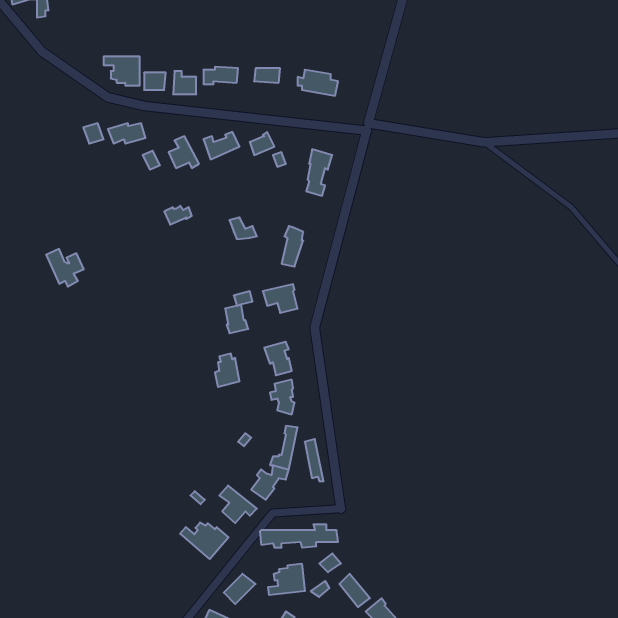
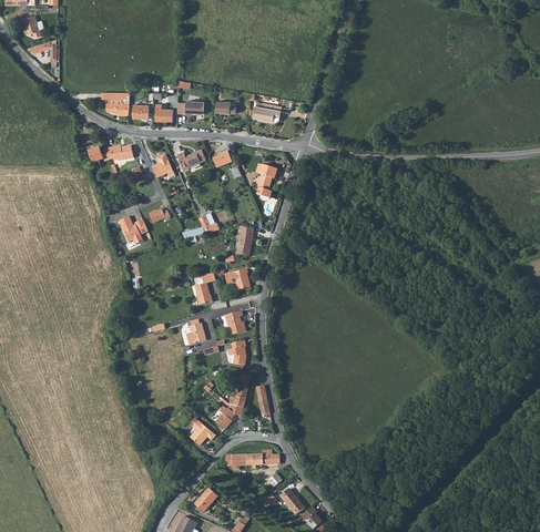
building: [46,249,84,287] -> [118,214,146,243]
building: [180,522,229,559] -> none
building: [268,564,305,595] -> none

